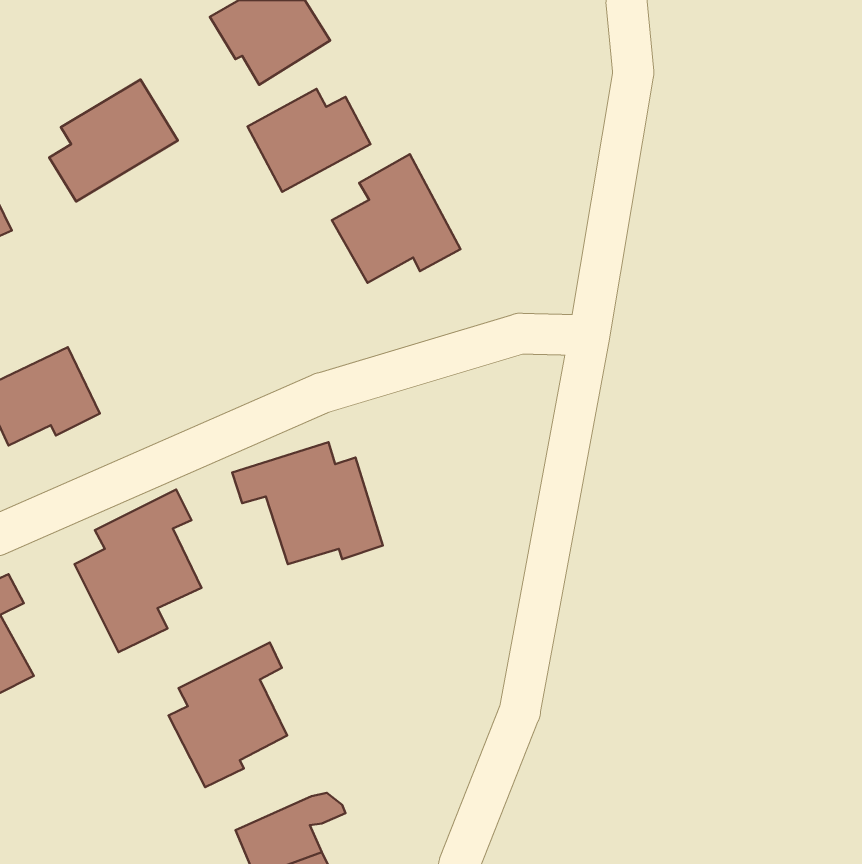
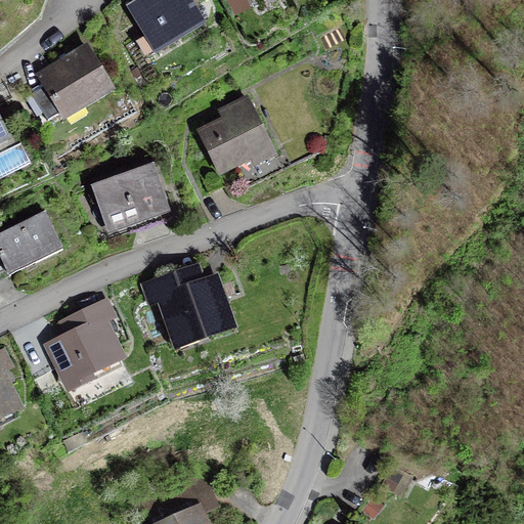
building: [247,89,371,192] -> none
building: none -> [92,165,166,232]
building: [168,643,287,787] -> none

